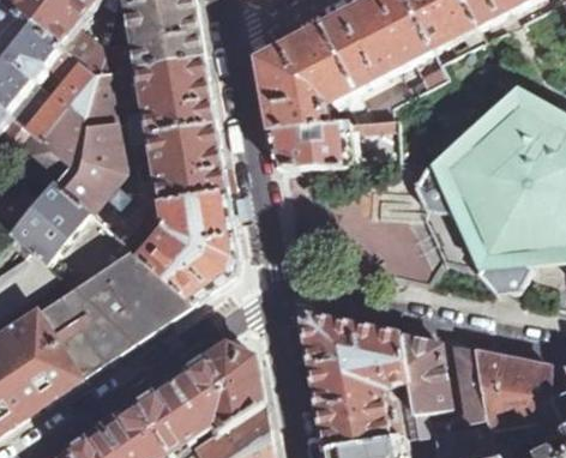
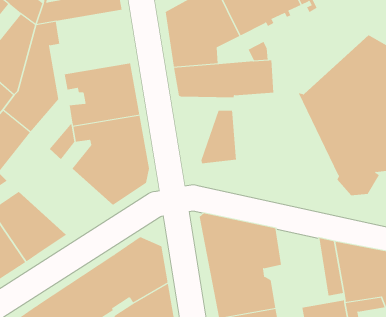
building: [120,55,215,137] -> none
building: none -> [201,110,237,164]
building: [72,248,192,341] -> none
building: [399,332,448,432] -> none

